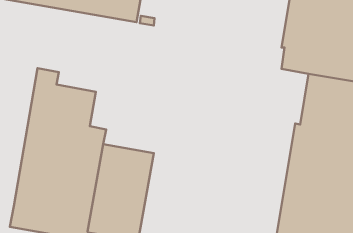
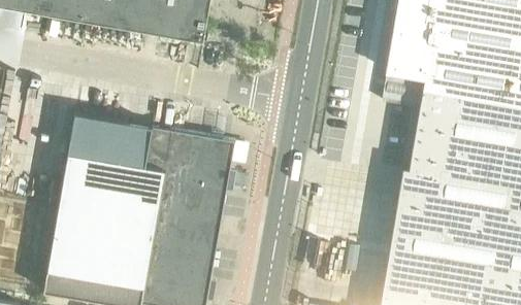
building: none -> [144,126,236,203]

